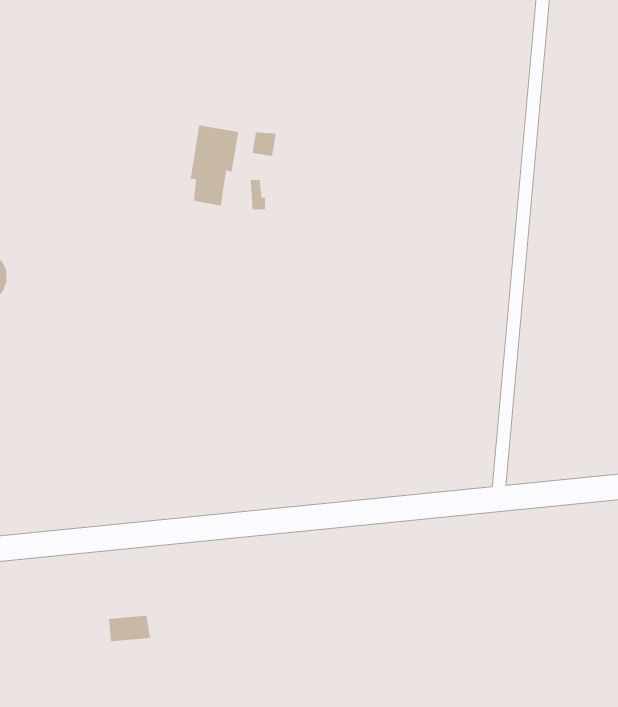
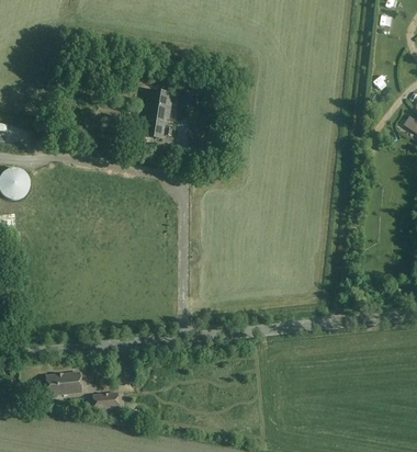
building: none -> [44,372,80,395]

